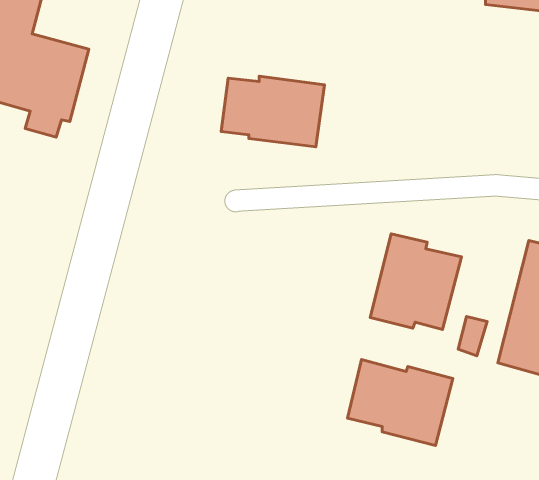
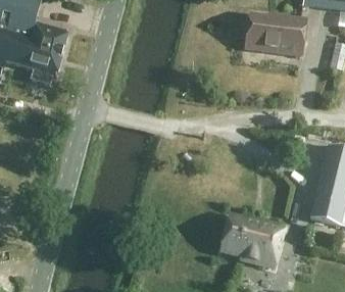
building: [221,76,325,147] -> [245,13,306,55]
building: [370,234,461,329] -> none

